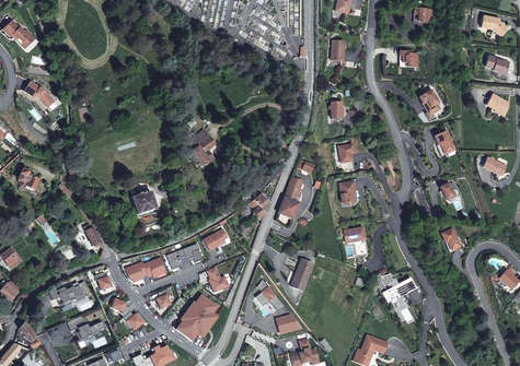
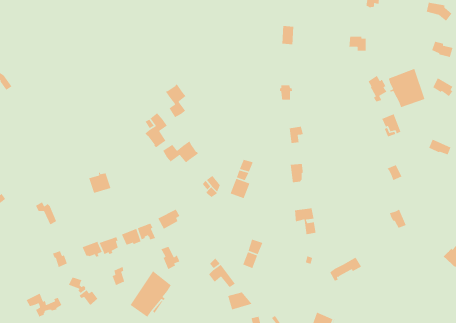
building: none -> [388,68,425,108]
building: none -> [165,84,186,118]
building: none -> [162,140,199,163]
building: [49,281,89,306] -> none

